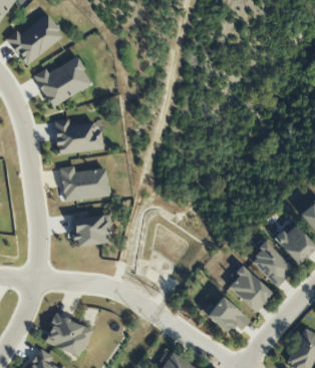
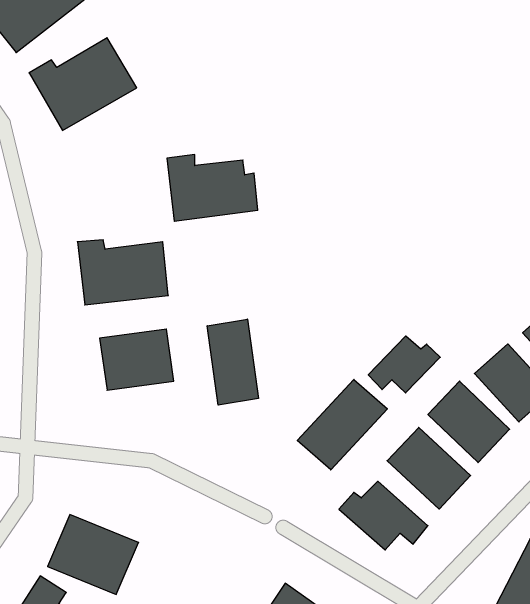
building: [53,118,102,154] -> [167,155,258,221]
building: none -> [207,319,258,405]
building: none -> [368,336,440,393]
building: none -> [297,379,387,470]

